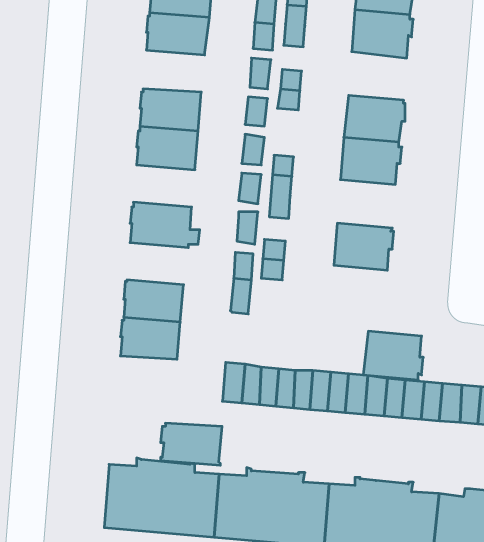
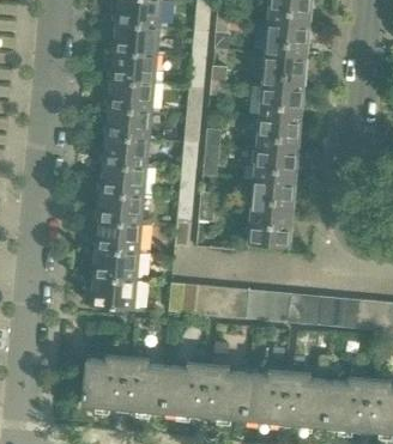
building: none -> [110,51,162,84]
building: none -> [262,53,308,89]
building: none -> [103,136,149,168]
building: none -> [254,147,300,183]
building: none -> [98,194,144,225]
building: [363,331,423,380] -> [248,211,292,247]
building: [161,423,222,465] -> [90,278,135,309]

